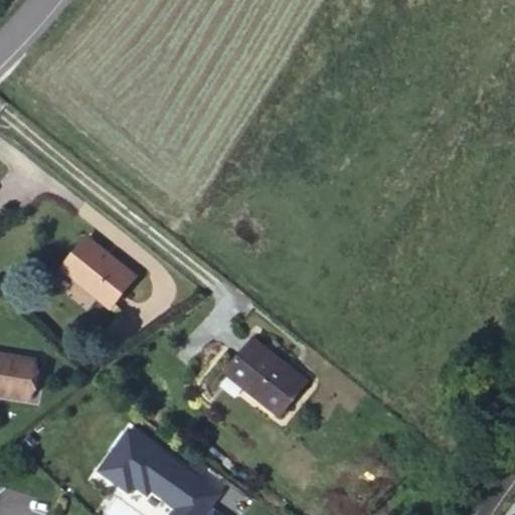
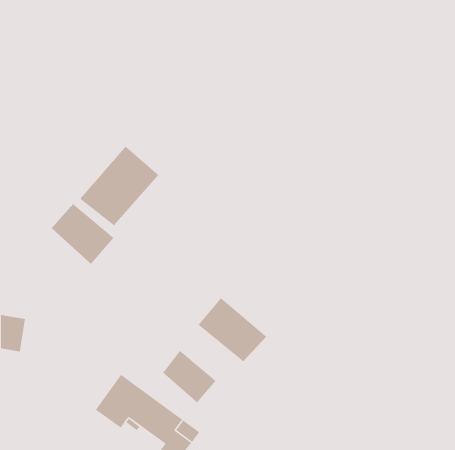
building: none -> [79,145,159,226]
building: none -> [162,350,217,403]

